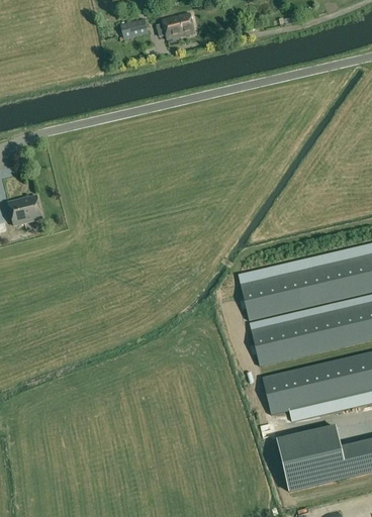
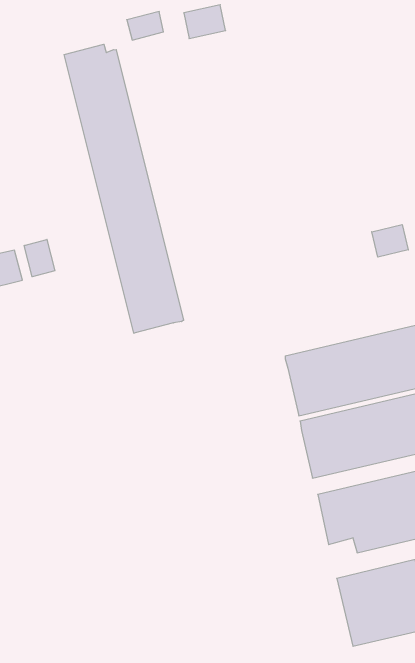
building: none -> [64,44,184,333]
building: none -> [372,225,408,257]
building: none -> [24,239,55,277]

